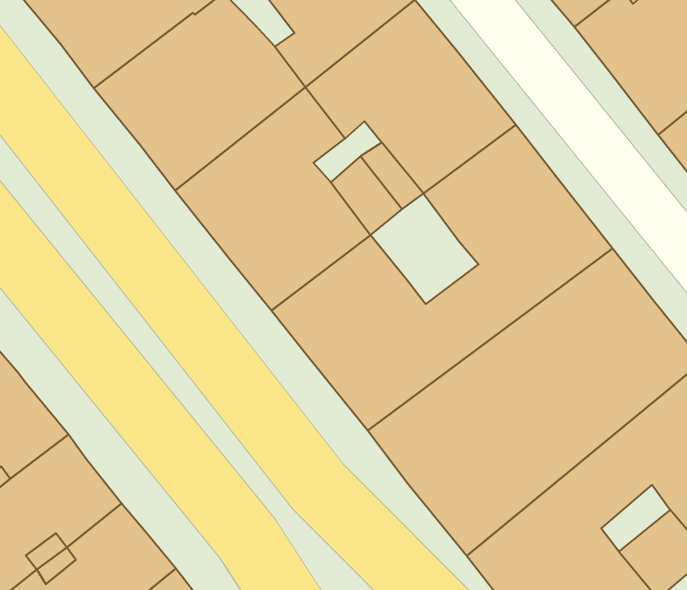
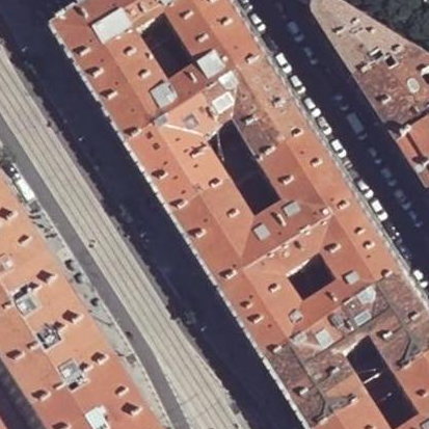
building: none -> [233,161,280,208]

